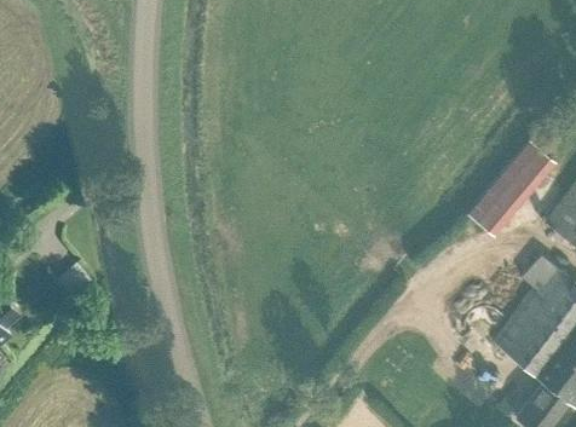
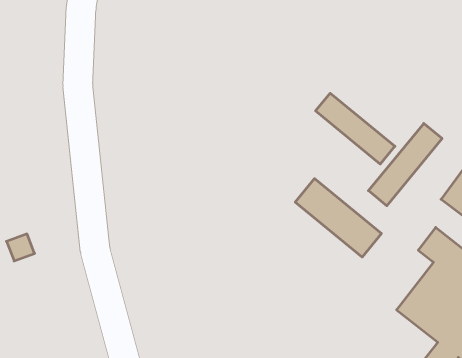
building: none -> [316,93,395,164]
building: none -> [295,179,381,257]

